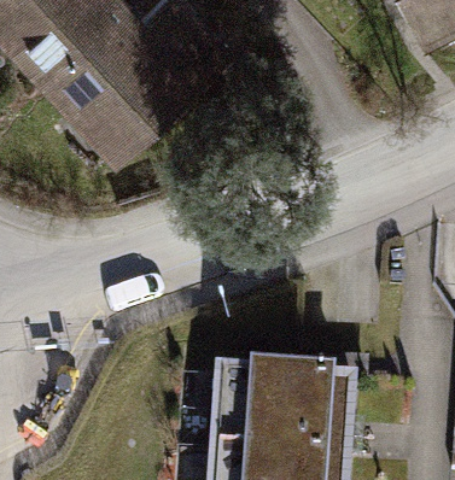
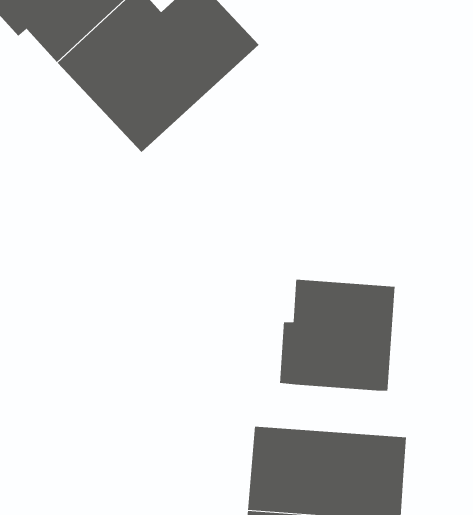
building: none -> [280,279,395,392]

